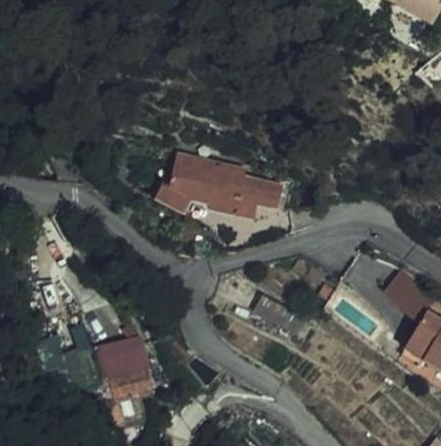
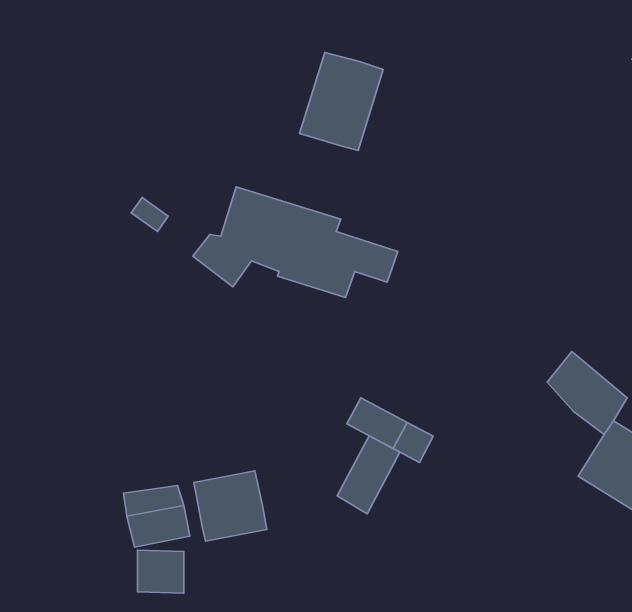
building: none -> [300,52,383,151]
building: none -> [337,436,400,514]
building: none -> [194,471,267,541]

